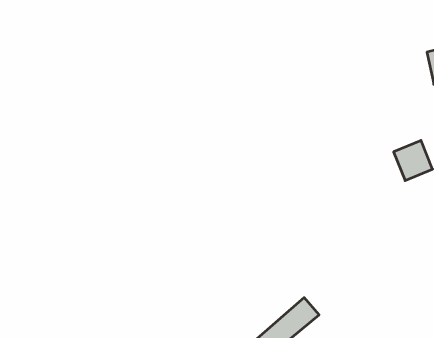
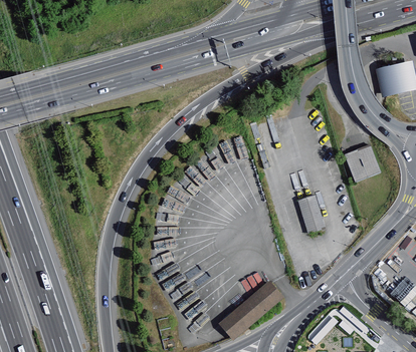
building: none -> [299,198,324,232]

